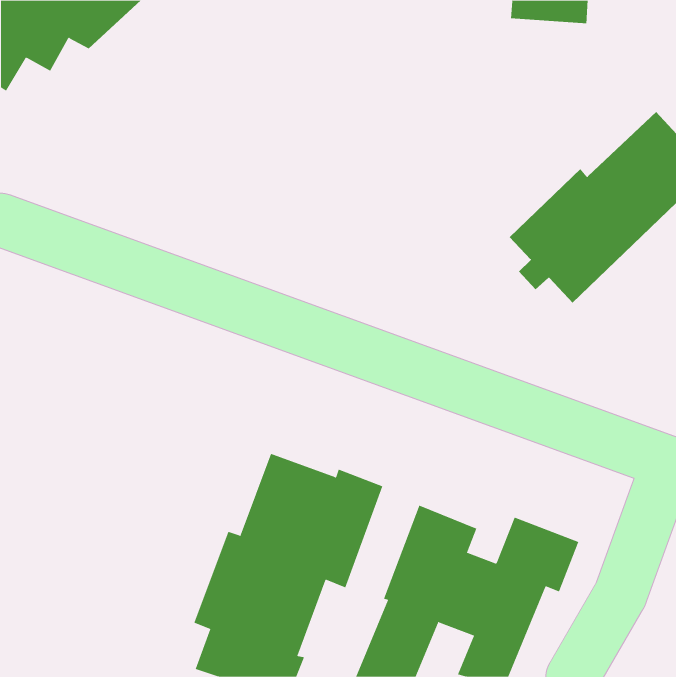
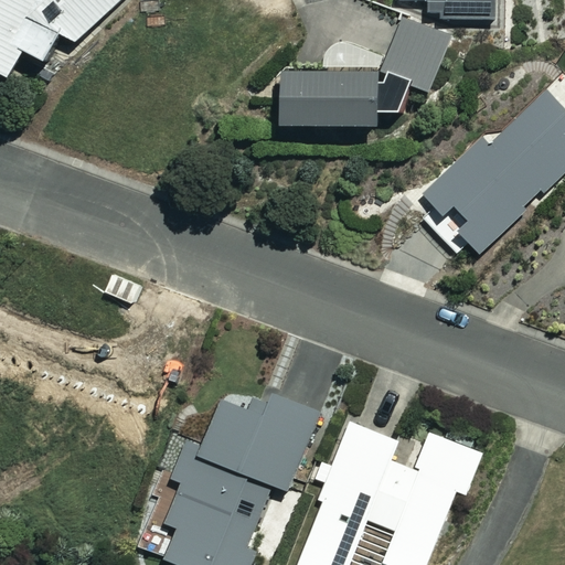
building: none -> [279,19,447,124]

